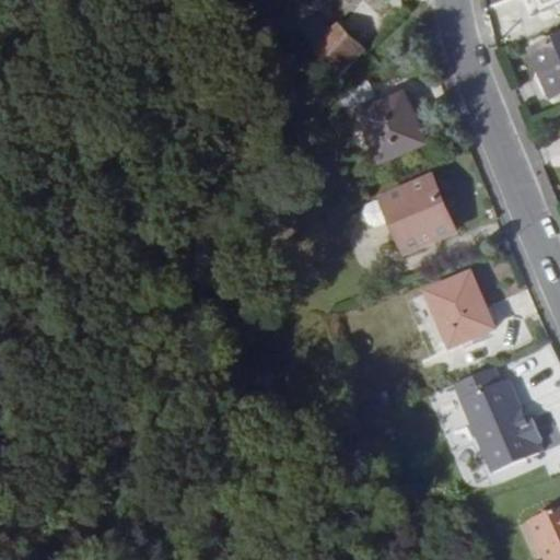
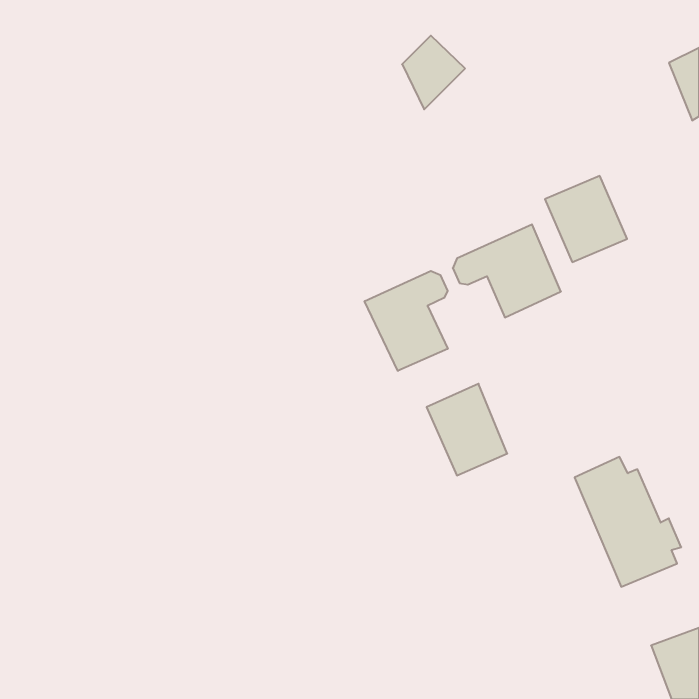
building: [361,92,427,161] -> [545,176,627,262]
building: none -> [365,271,448,371]
building: [421,276,486,349] -> [427,384,507,475]

